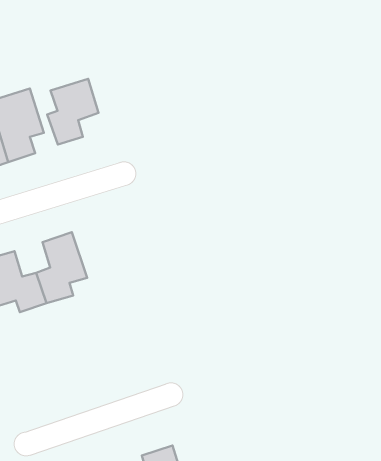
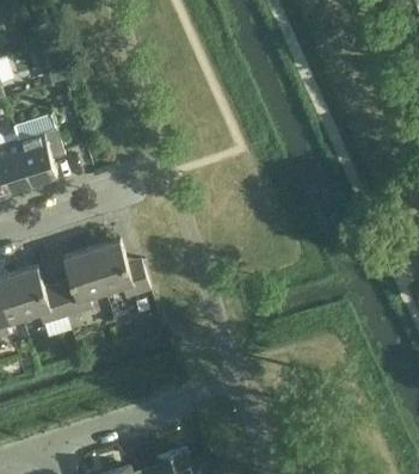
building: [47,79,99,145] -> none
building: none -> [91,241,150,298]

